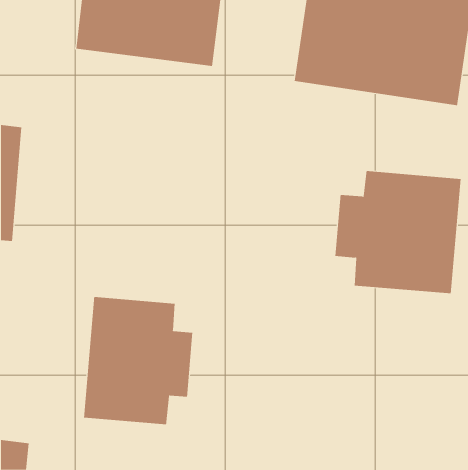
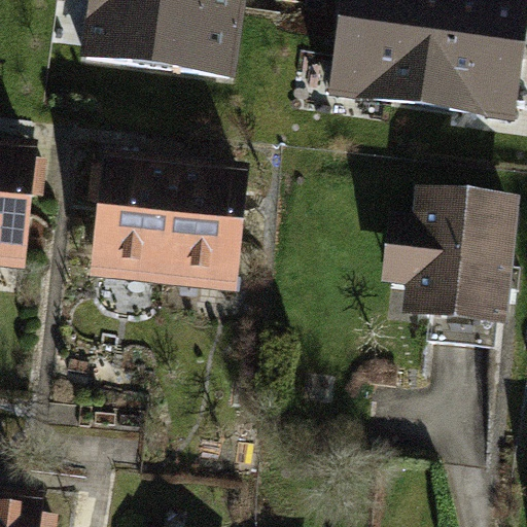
building: none -> [86,154,244,292]
building: [84,296,193,425] -> none

